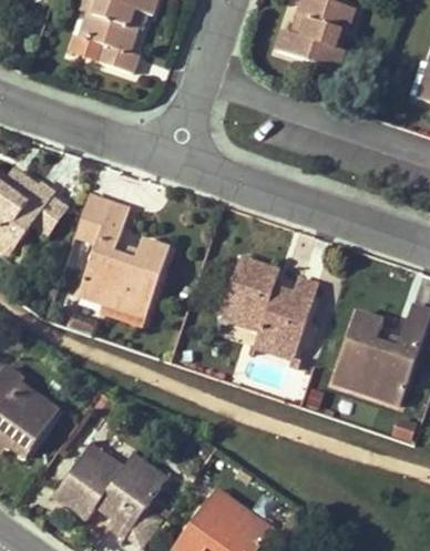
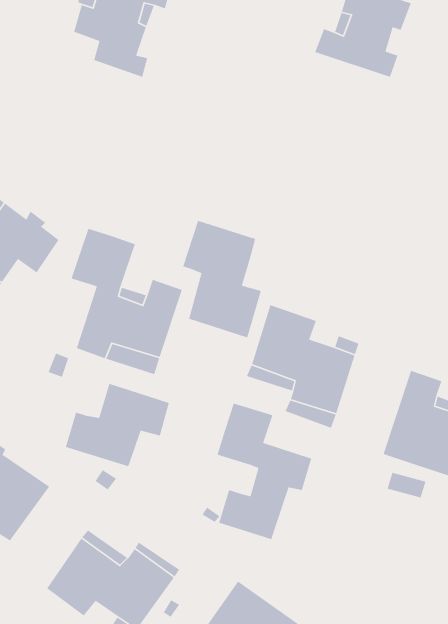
building: none -> [182,220,262,338]
building: none -> [65,383,170,467]
building: none -> [216,403,312,540]

